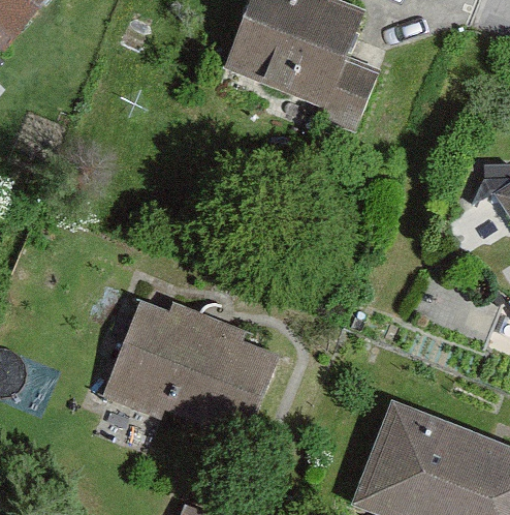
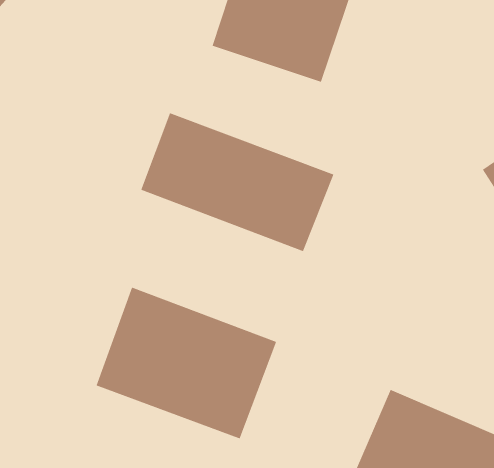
building: none -> [140,112,335,252]

